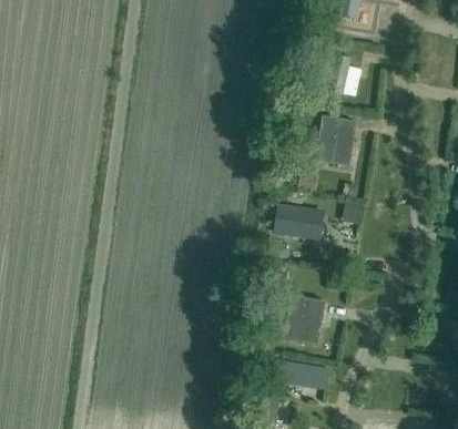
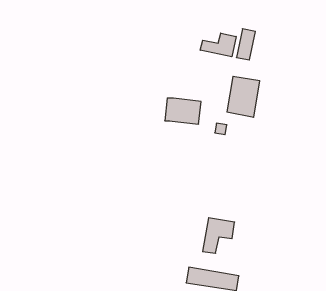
building: none -> [200,33,236,57]
building: [276,206,323,239] -> [165,98,201,124]

